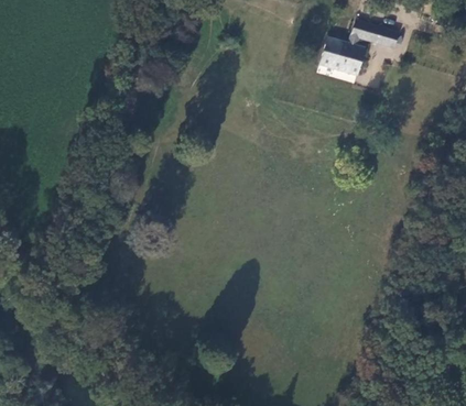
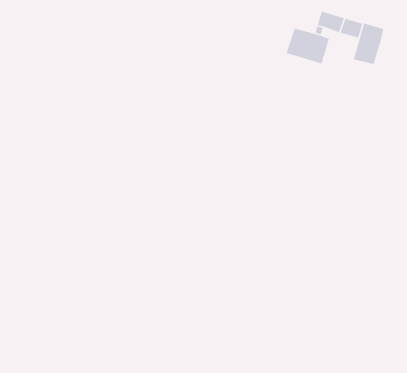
building: none -> [353,22,384,65]

